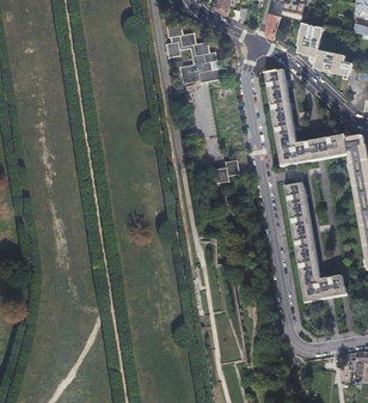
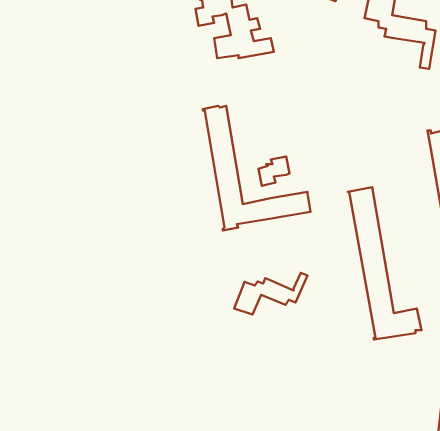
building: [264,71,348,167] -> [203,106,311,230]
building: none -> [234,273,308,314]

